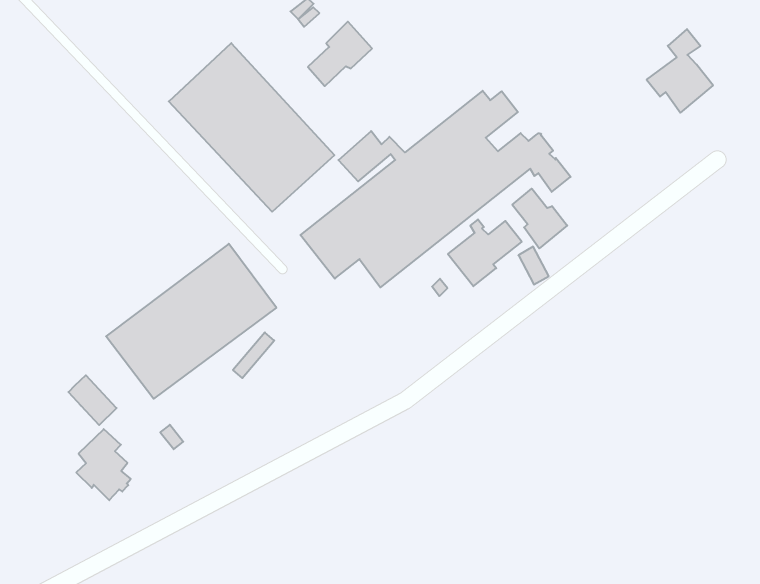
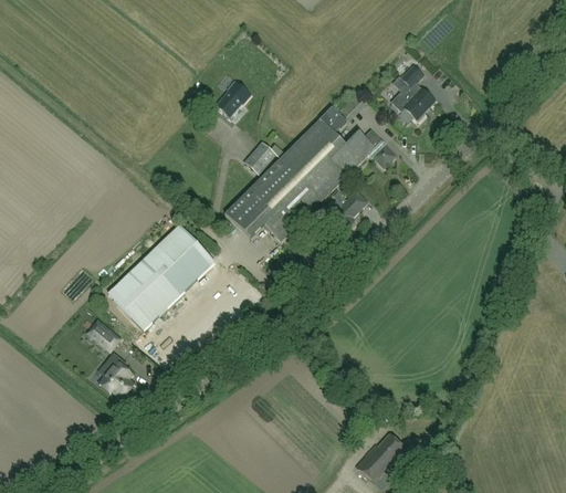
building: [647,29,713,113] -> [390,65,433,119]
building: [169,43,334,212] -> none
building: [512,189,567,248] -> none

